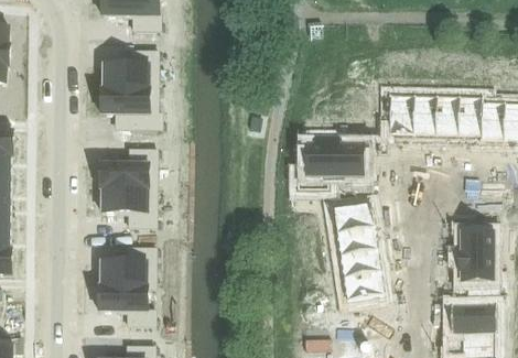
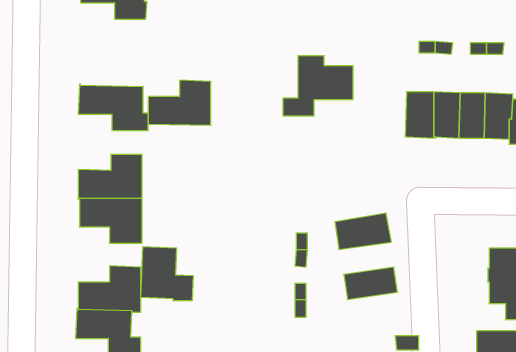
building: [101,48,157,88] -> [148,80,211,125]
building: [300,135,361,188] -> [283,56,353,116]
building: [328,225,377,253] -> none
building: none -> [141,247,193,301]
building: [336,269,384,301] -> none

